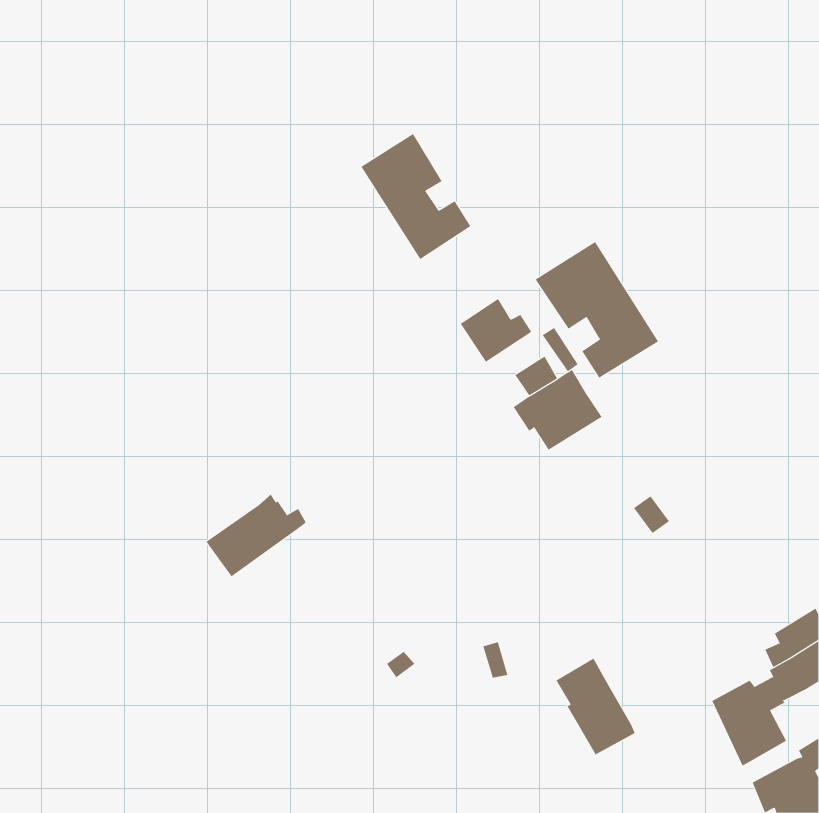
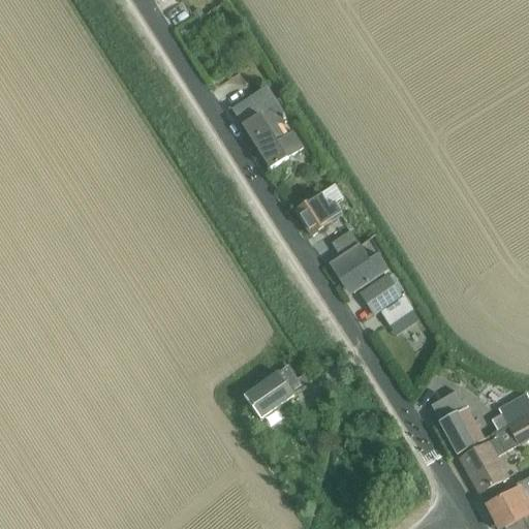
building: [535,241,659,378] -> none
building: none -> [362,275,410,321]
building: [206,494,307,577] -> [245,364,310,417]
building: [555,658,635,756] -> [432,390,484,453]

